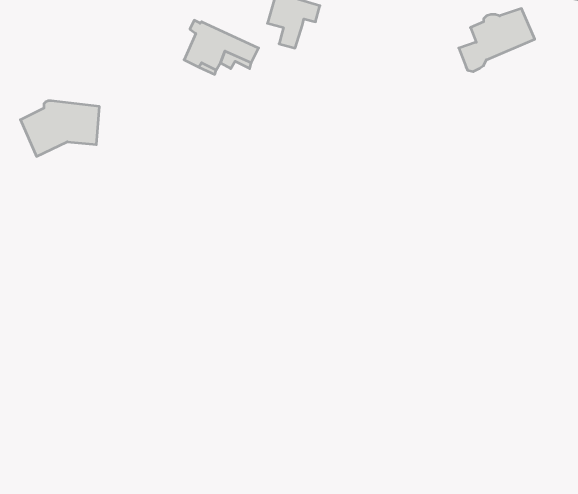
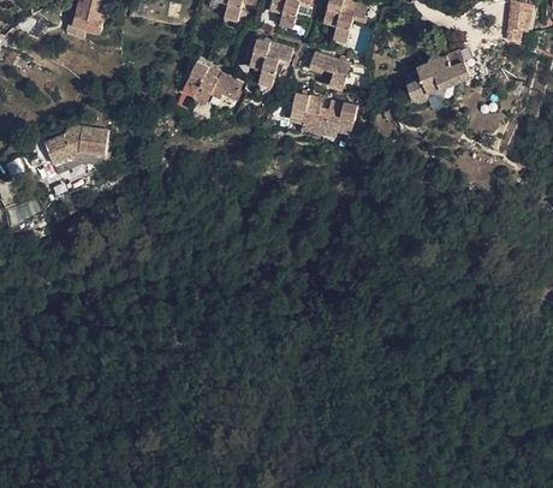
building: none -> [310,52,350,88]
building: none -> [291,93,356,136]

